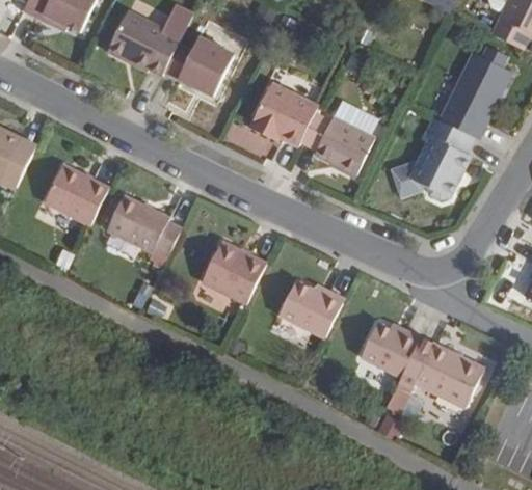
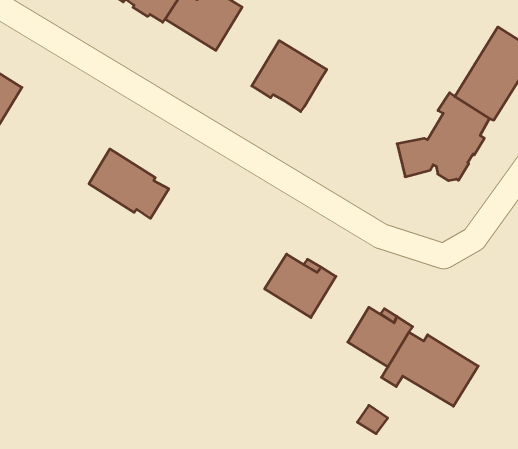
building: [300,112,374,174] -> none
building: [44,164,108,225] -> none
building: [201,240,266,302] -> none

